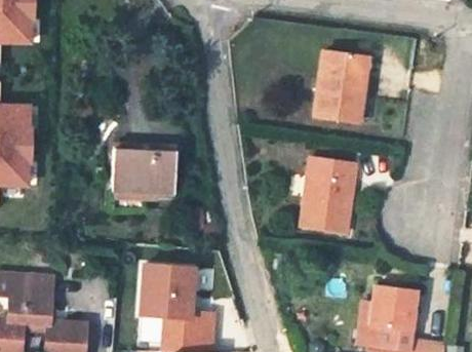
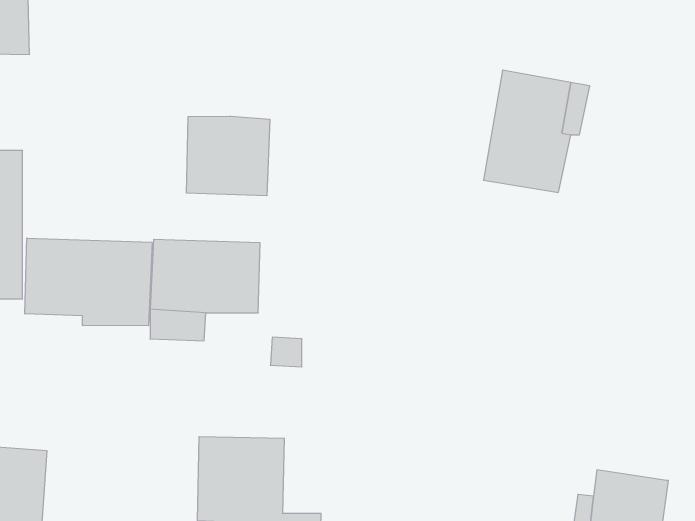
building: none -> [187,116,270,196]
building: none -> [25,238,152,326]
building: [300,160,355,235] -> none

